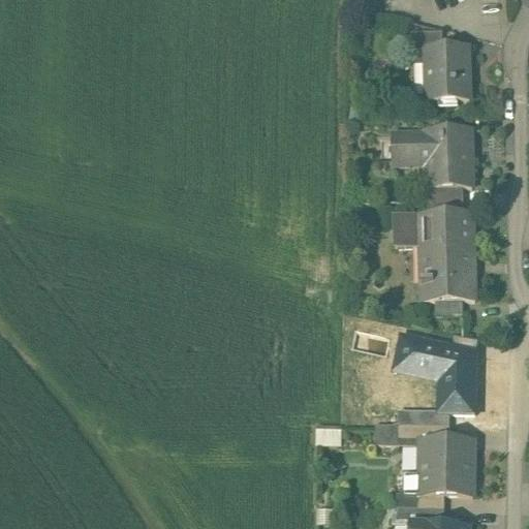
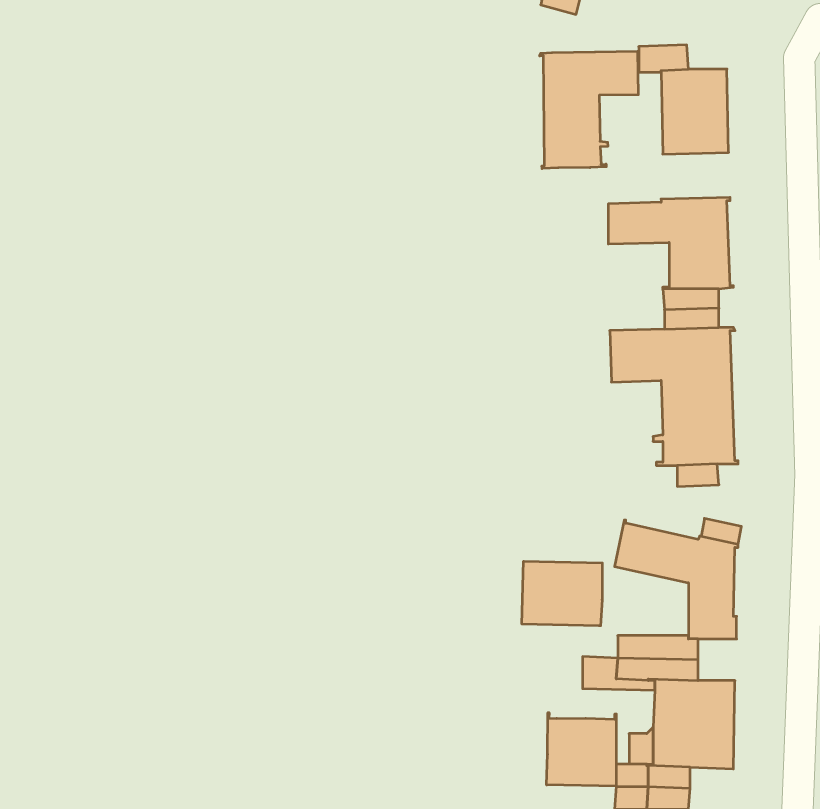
building: none -> [540,51,638,169]
building: none -> [522,561,602,626]
building: none -> [547,713,616,786]

